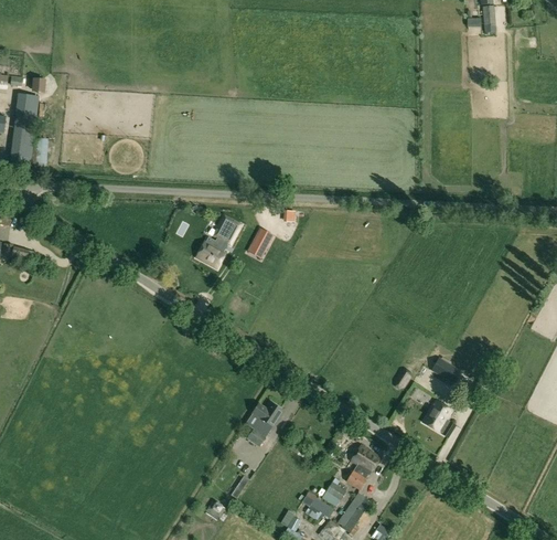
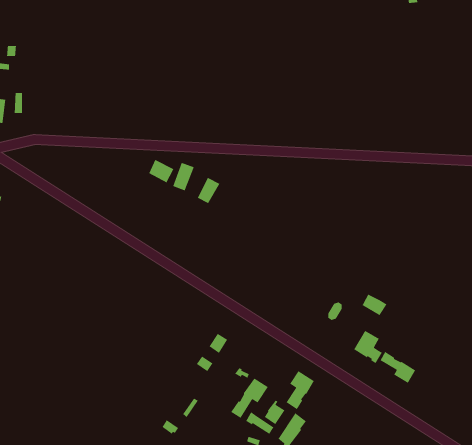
building: [196,240,226,267] -> [148,159,175,183]
building: none -> [379,351,416,384]
building: none -> [230,377,269,419]

